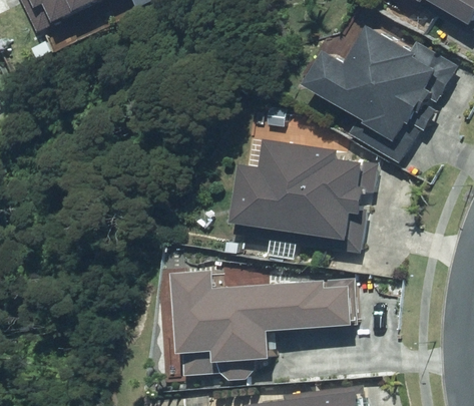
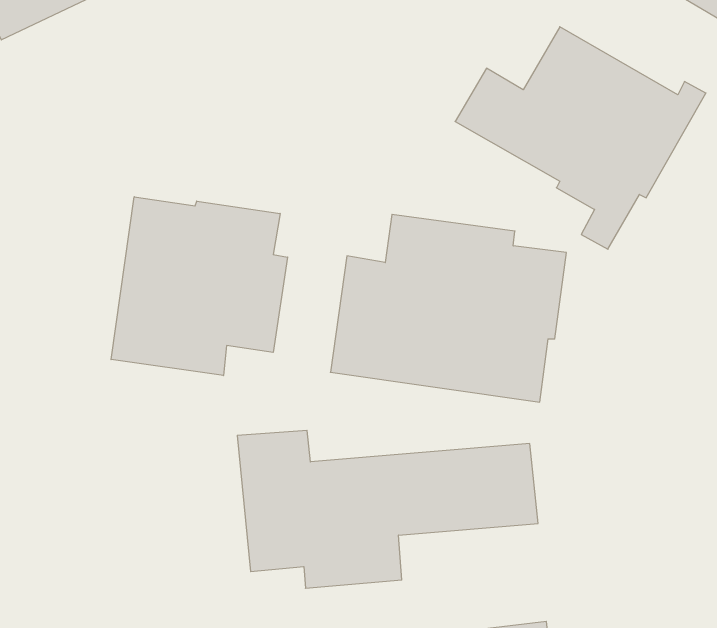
building: none -> [111,197,288,376]

